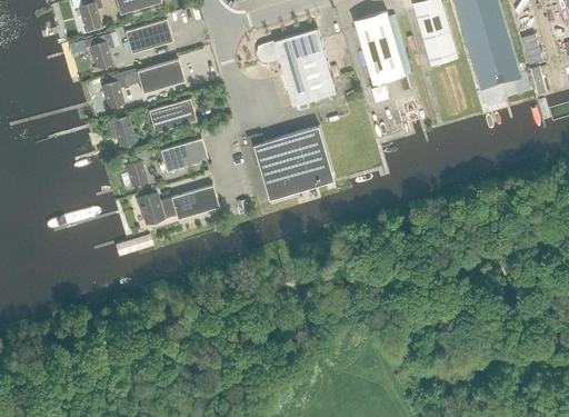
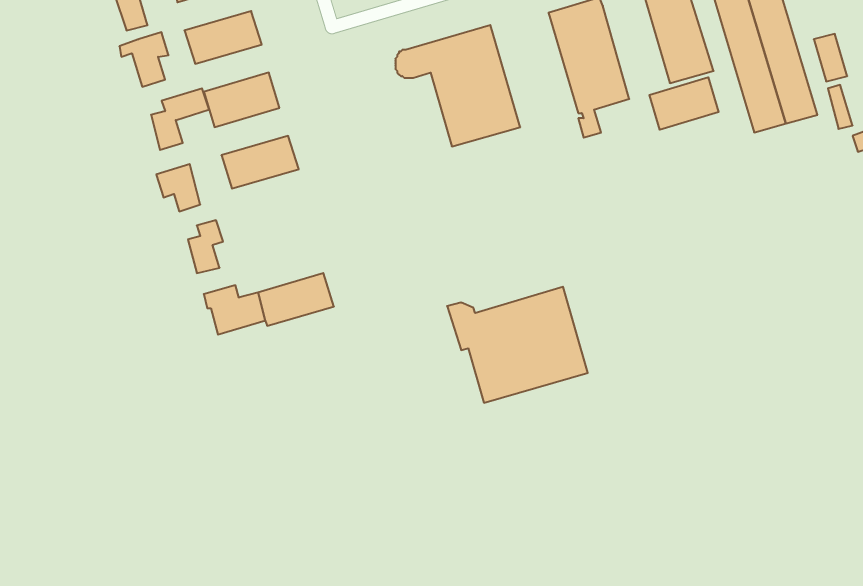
building: none -> [649,77,719,130]
building: [247,126,336,199] -> [447,287,588,403]
building: [160,138,208,172] -> none

